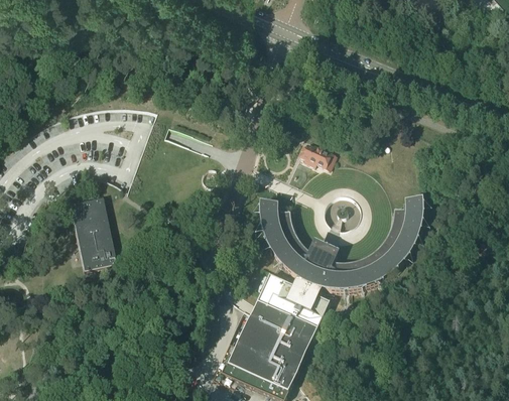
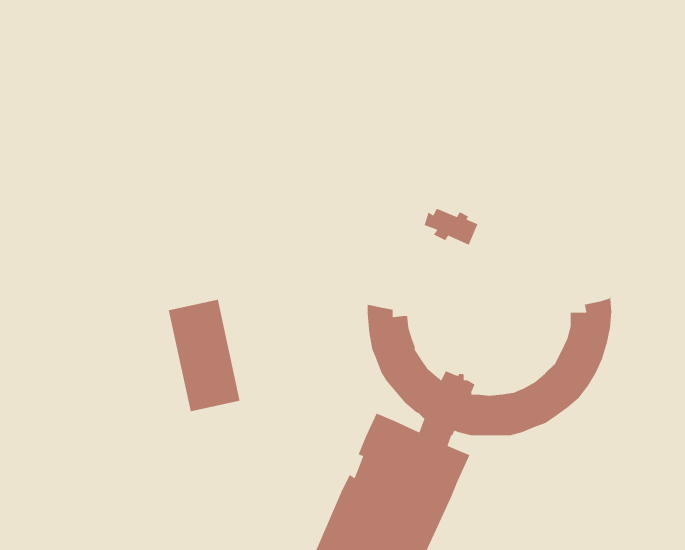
building: [69,195,115,268] -> [168,299,240,412]

